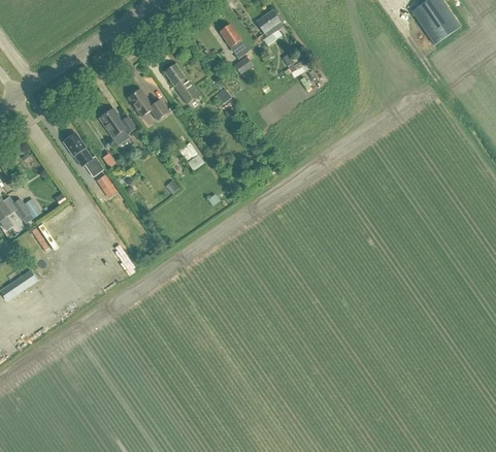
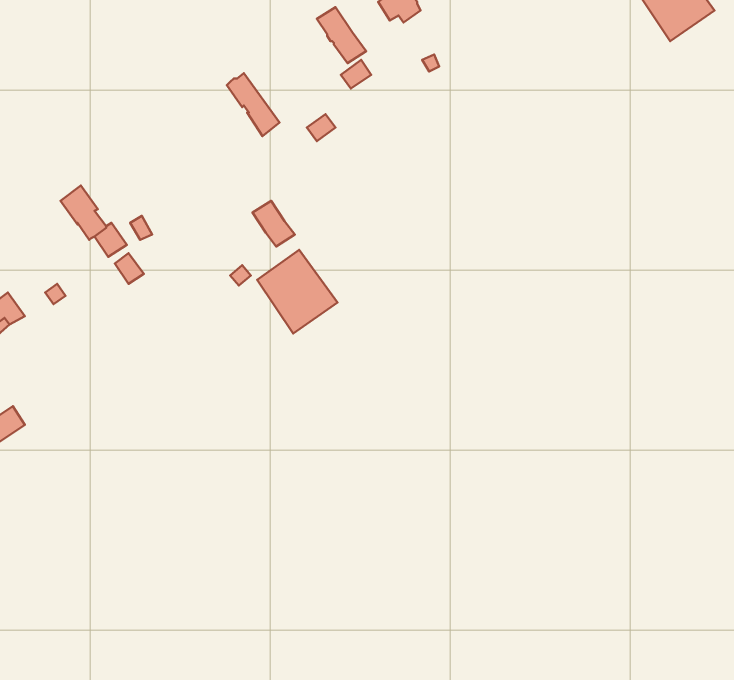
building: [127,88,167,119] -> none
building: [98,107,135,144] -> none
building: none -> [257,250,338,334]

